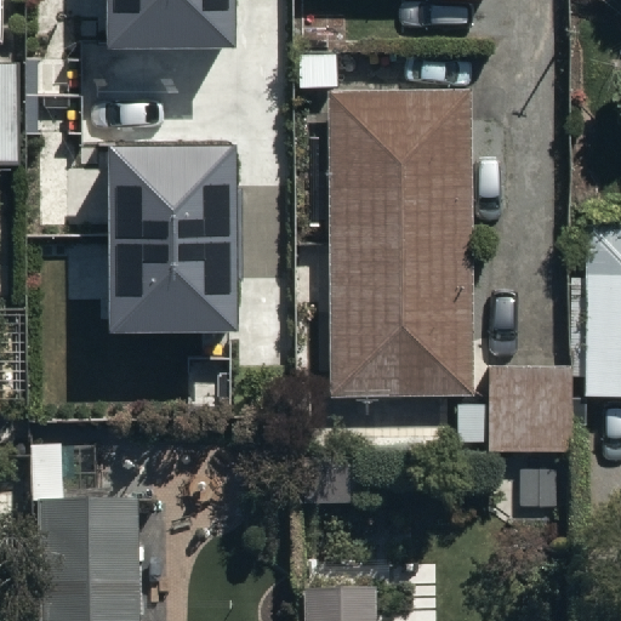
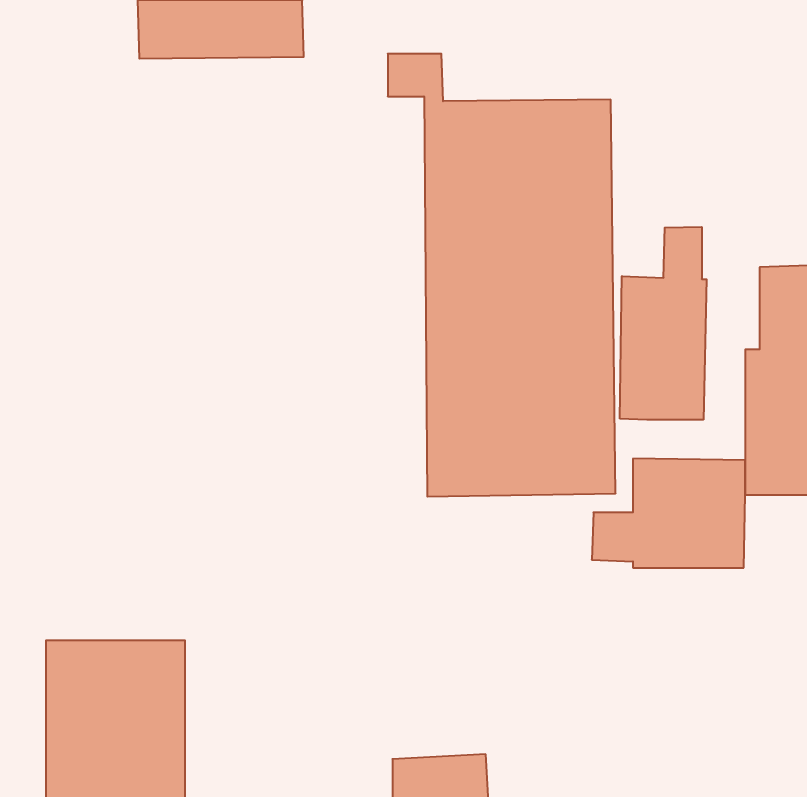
building: [110,154,238,337] -> none
building: none -> [620,227,707,420]

